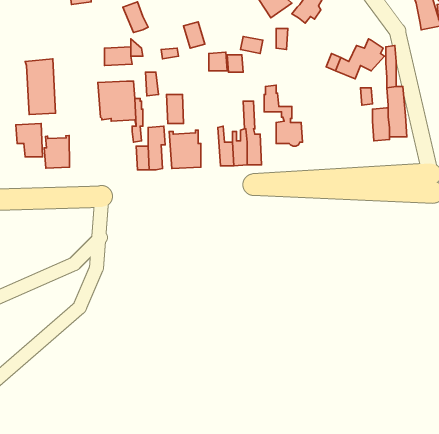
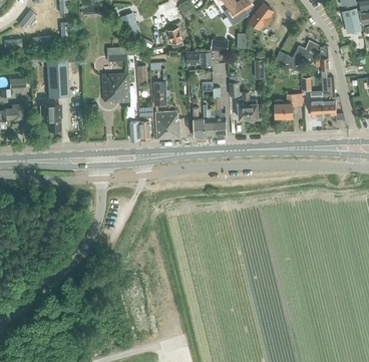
building: none -> [273,93,301,117]
building: [44,135,70,168] -> none

